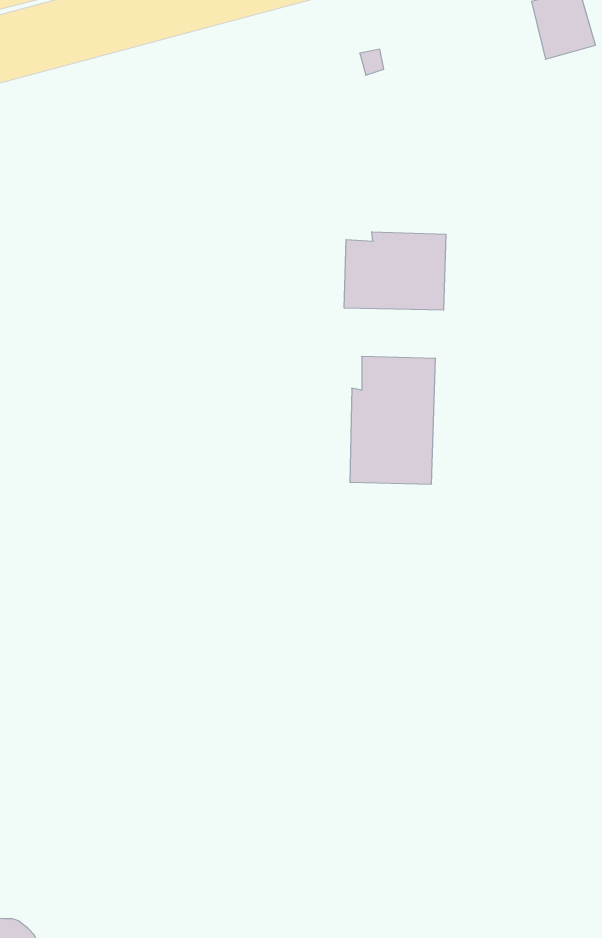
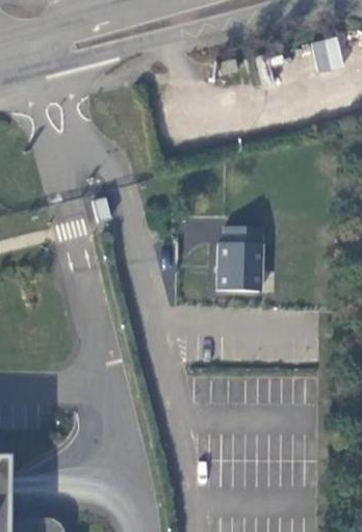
building: [344,232,446,310] -> none

